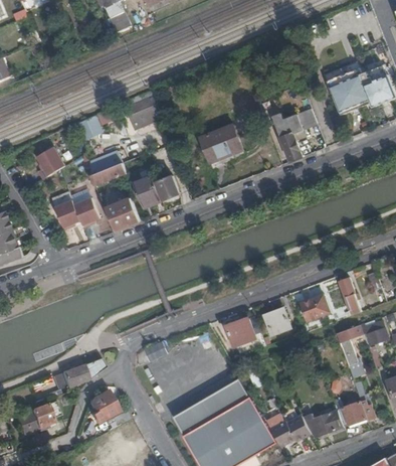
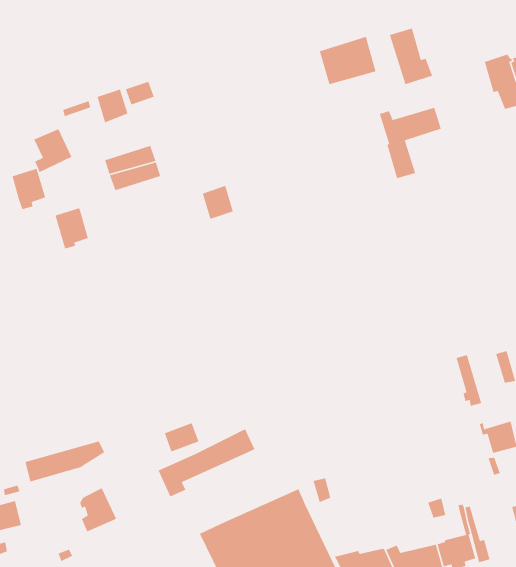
building: [326,74,359,115] -> [389,28,433,85]
building: [125,96,162,129] -> none
building: [199,125,240,161] -> [319,36,377,85]
building: [133,176,161,206] -> none
building: [73,197,98,227] -> [12,168,46,210]
building: [107,197,139,230] -> none
building: [300,293,330,321] -> none
building: [265,310,291,335] -> none
building: [226,321,255,348] -> none
building: [337,325,363,366] -> none

